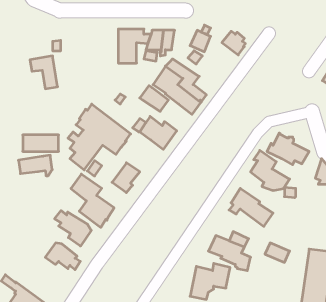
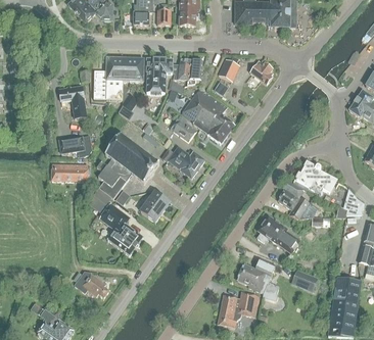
building: none -> [93,57,143,109]
building: [18,155,52,176] -> [58,134,92,154]
building: [55,211,91,246] -> none

